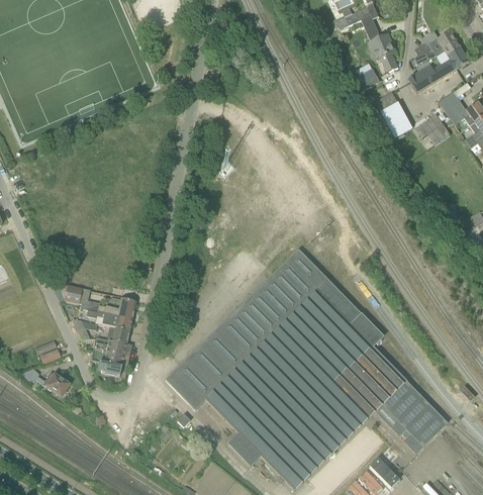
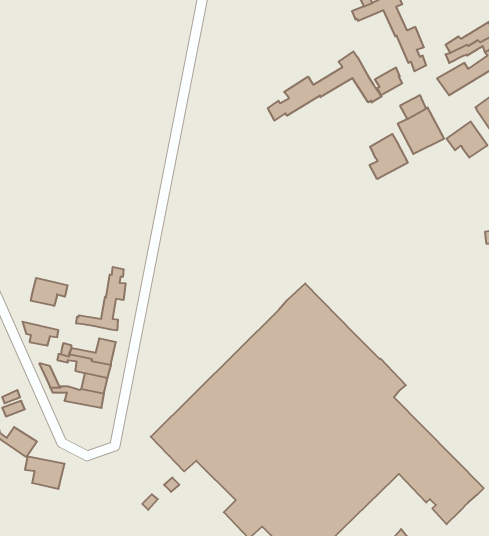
building: none -> [268,51,382,121]
building: none -> [370,134,408,179]
building: none -> [76,267,126,330]
building: none -> [31,278,68,306]
building: [91,349,124,376] -> [25,457,65,489]

